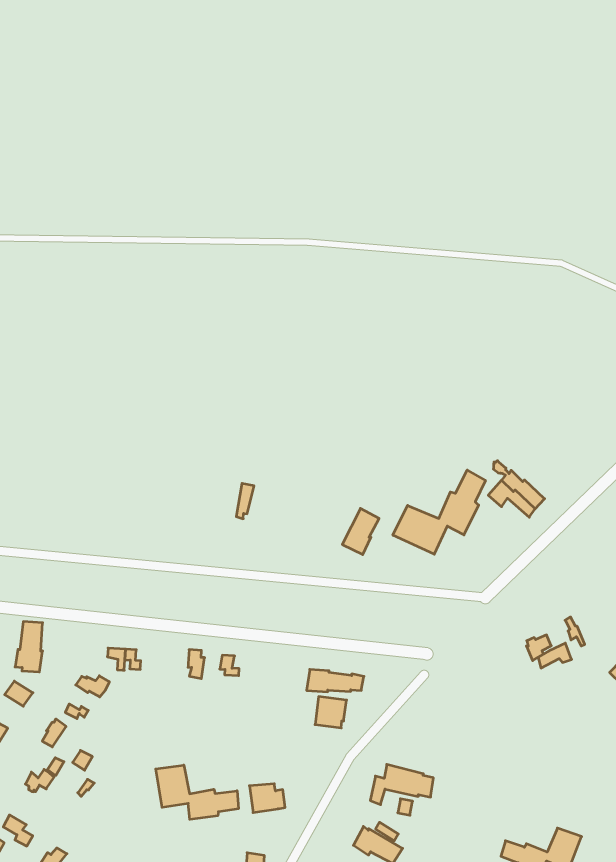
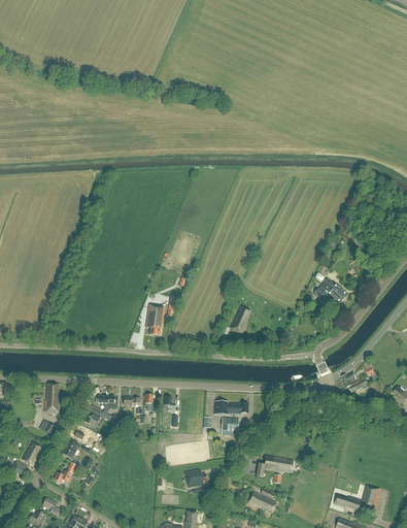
building: [393,470,485,554] -> none
building: none -> [145,304,164,336]
building: [156,765,238,819] -> none

